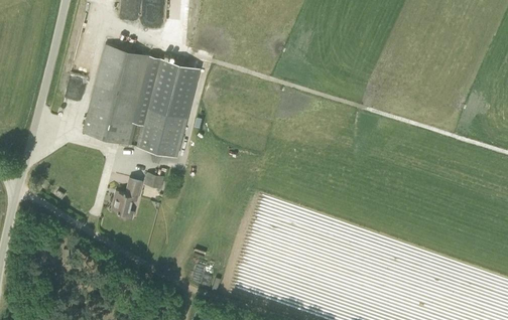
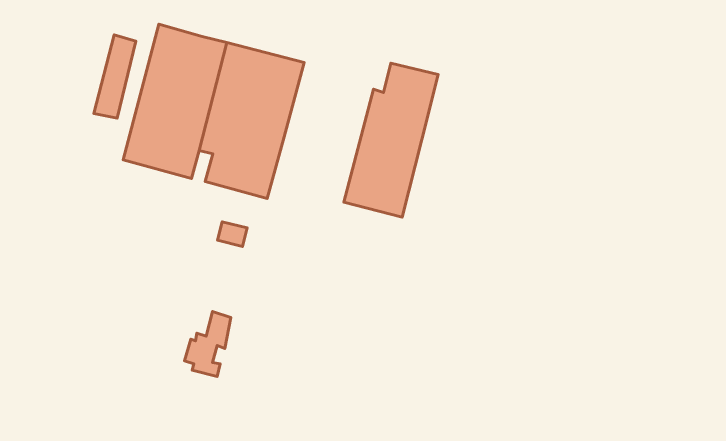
building: none -> [344,63,438,217]
building: [111,178,141,220] -> [185,311,231,376]

